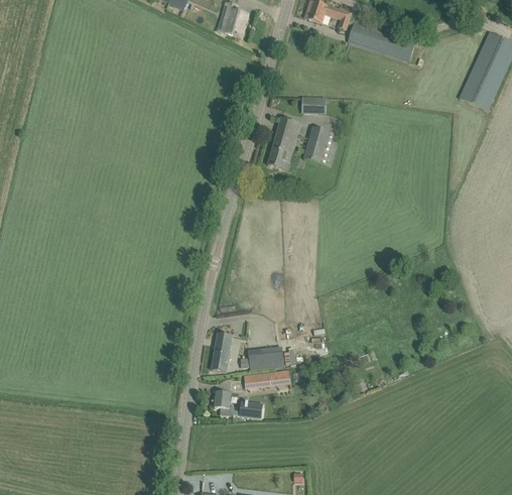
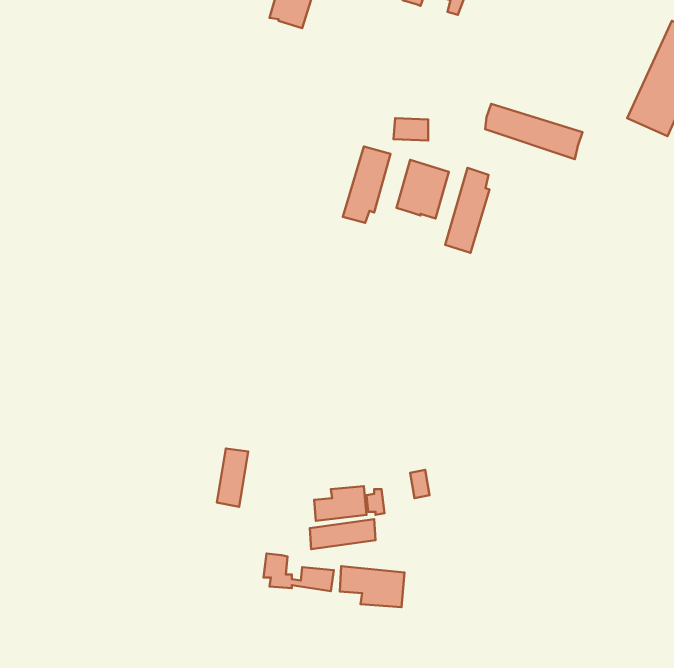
building: [349,23,414,60] -> [485,104,582,159]
building: none -> [445,168,490,253]
building: [211,333,232,372] -> [217,449,248,507]
building: none -> [340,566,404,607]

